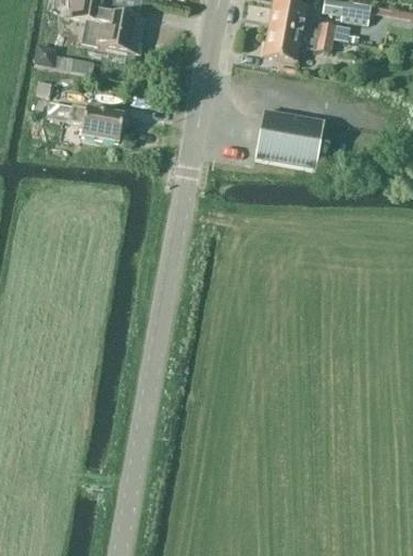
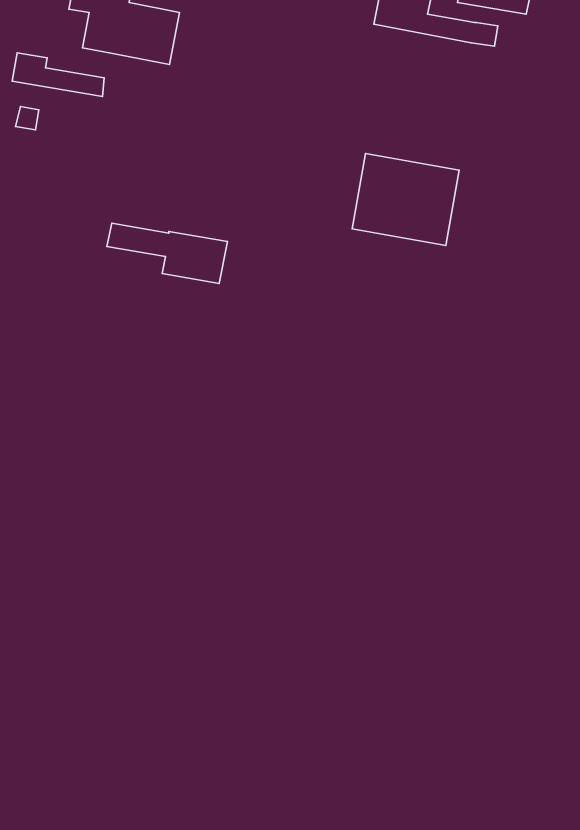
building: [263,26,331,62] -> none
building: [46,101,124,140] -> [107,223,227,283]

